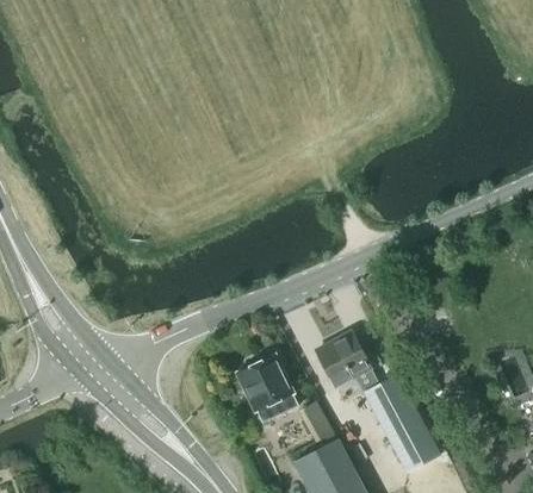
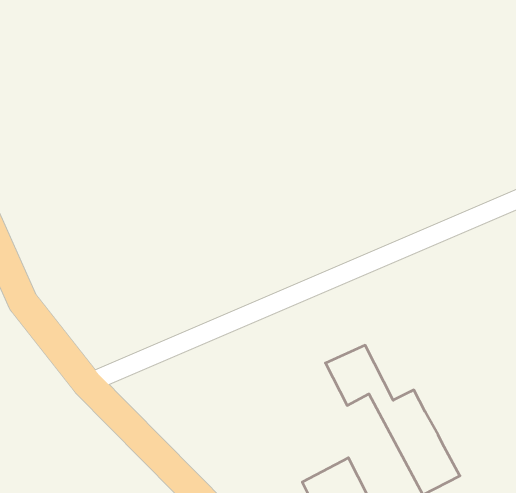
building: [237,355,299,424] -> none
building: [298,402,335,442] -> none

